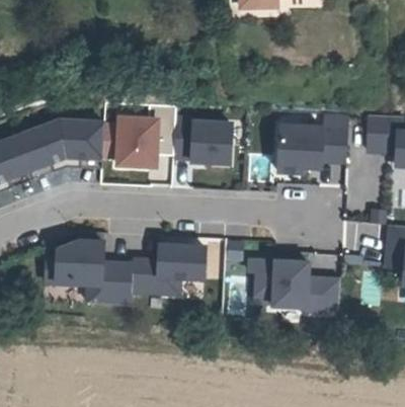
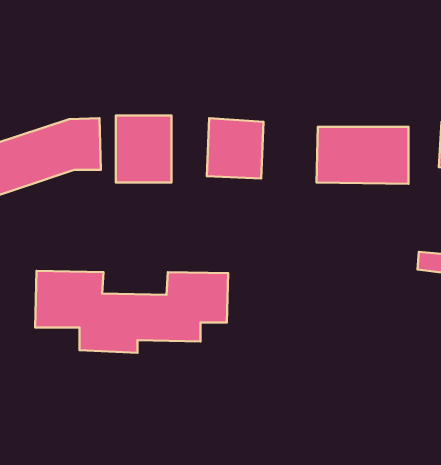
building: [251,255,341,312] -> none

